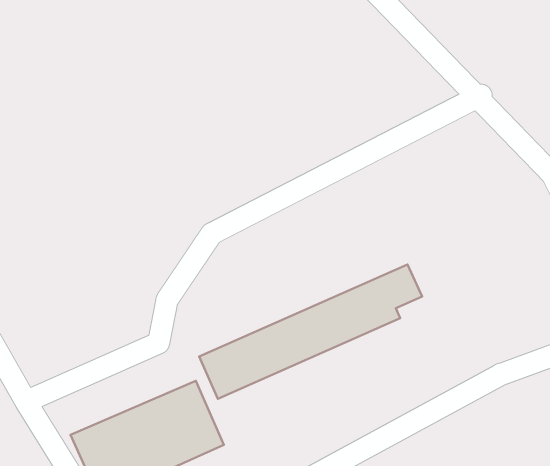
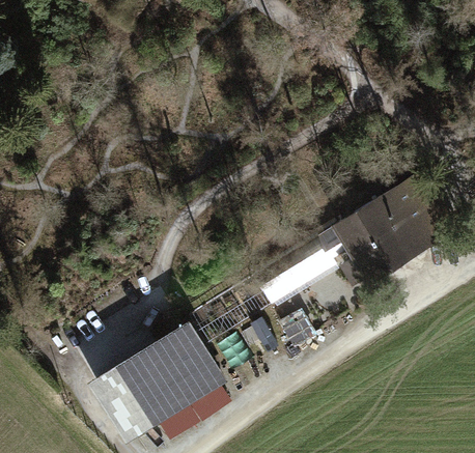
building: none -> [343,177,445,273]

